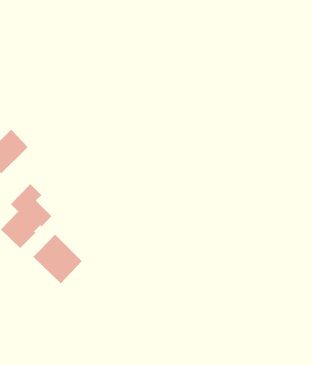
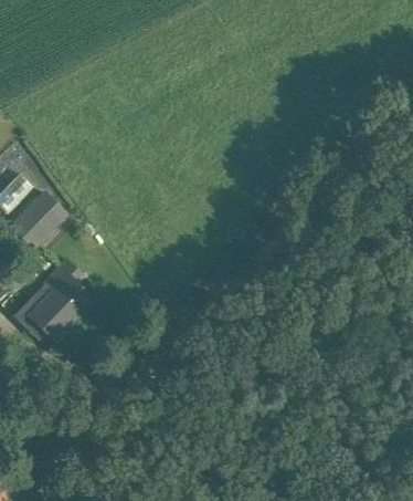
building: [32,234,82,284] -> none

